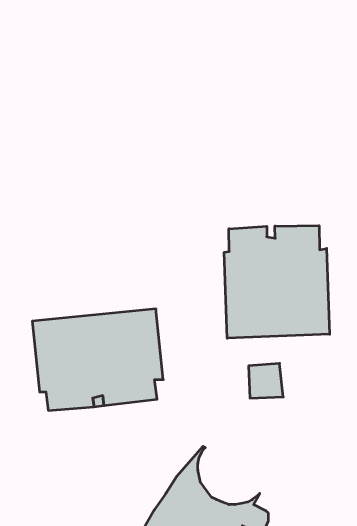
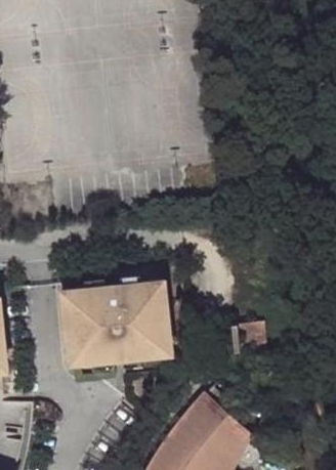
building: [224,226,330,338] -> none
building: none -> [199,395,250,442]

